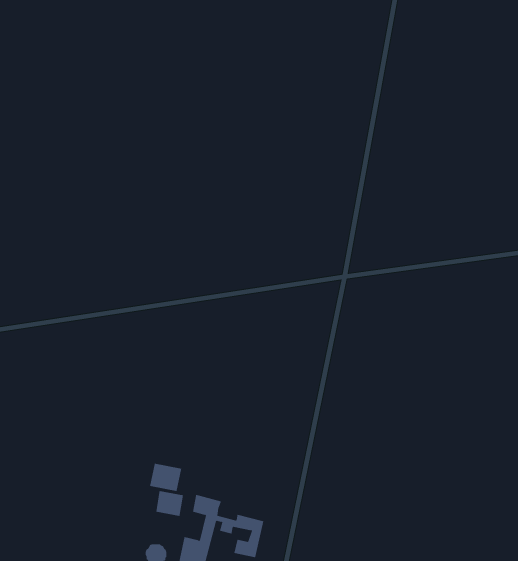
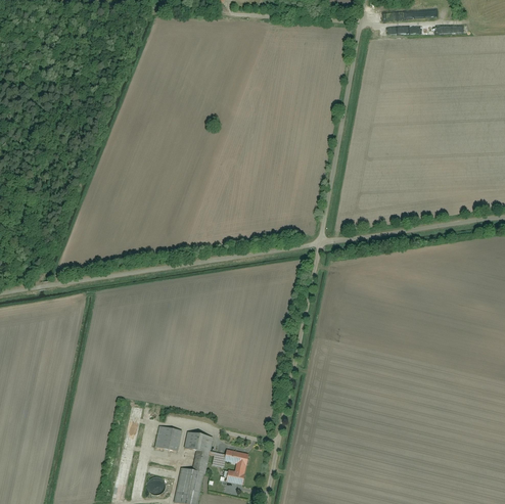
building: [149,463,182,492] -> none

